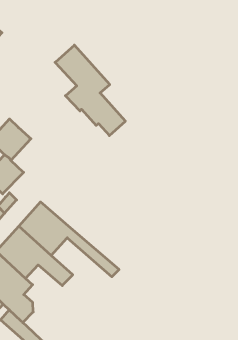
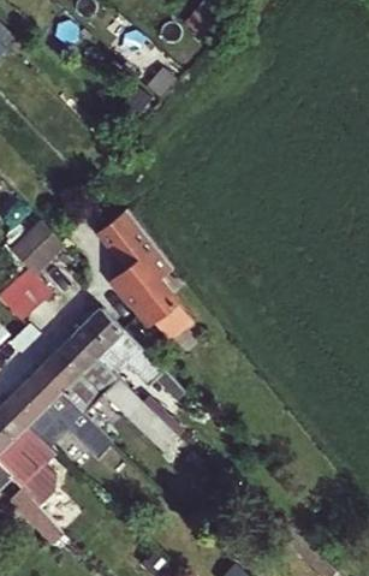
building: [55,45,125,136] -> [94,208,189,339]
building: none -> [72,309,185,400]

